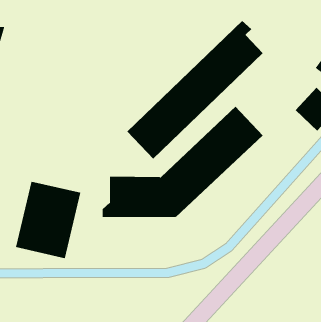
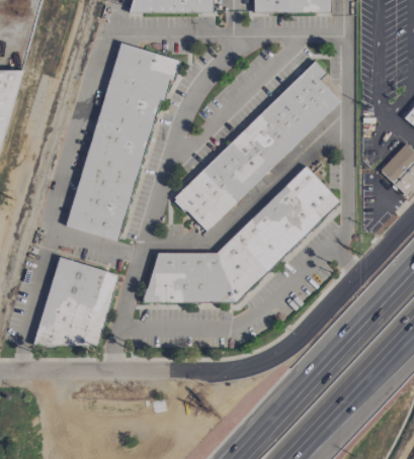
building: none -> [68,42,180,241]

